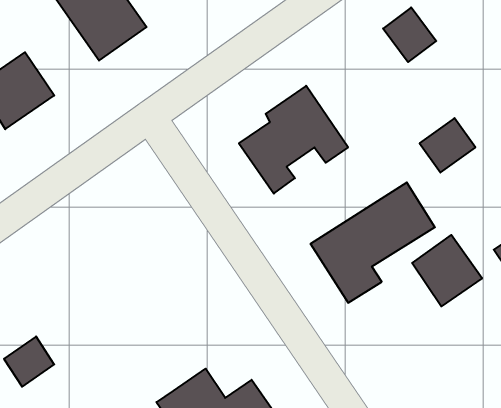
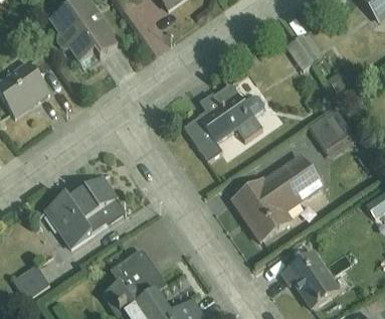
building: none -> [48,176,125,246]
building: [412,235,482,306] -> [287,250,338,301]
building: none -> [107,250,165,312]

